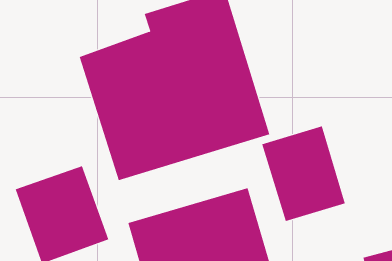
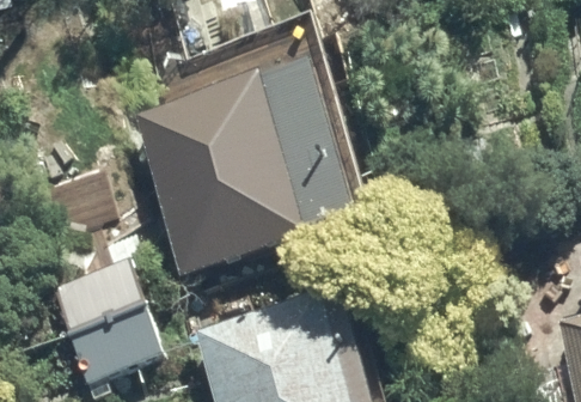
building: [262,125,346,222] -> none

